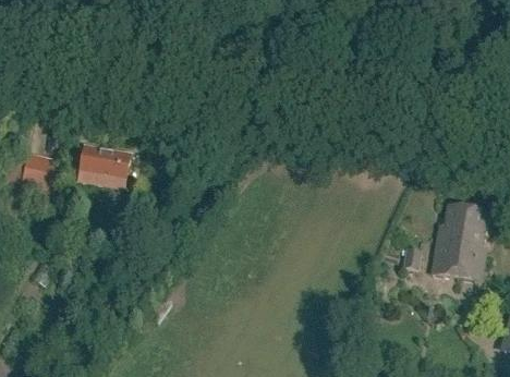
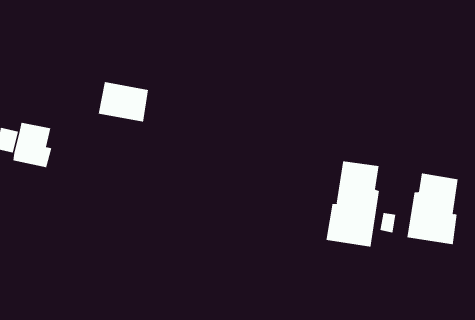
building: [77,145,131,187] -> [98,82,149,122]
building: none -> [326,161,379,247]

